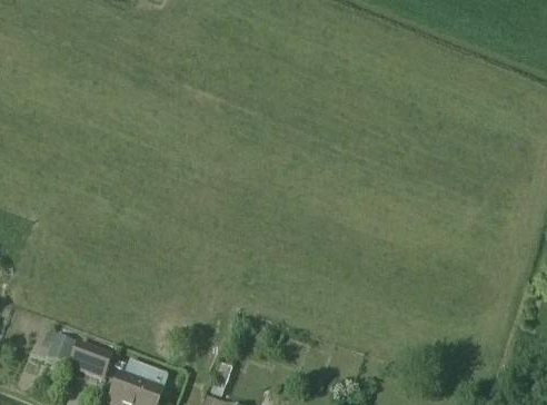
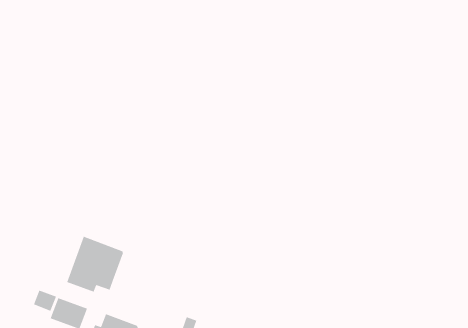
building: none -> [66,236,124,293]

